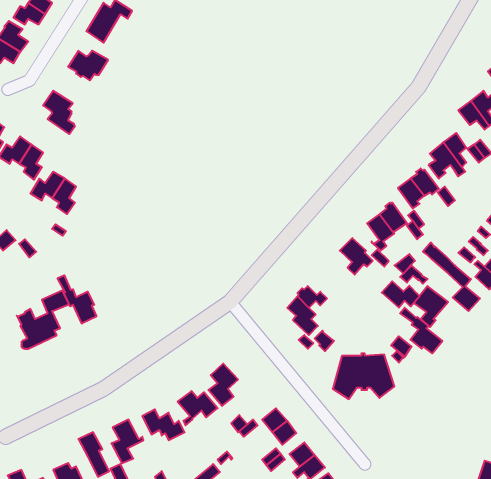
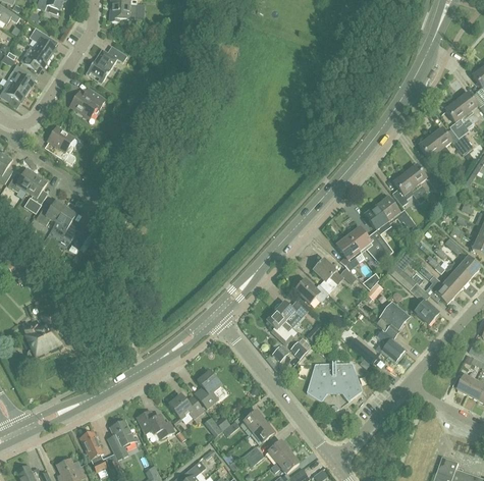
building: [58,275,96,324] -> none
building: [382,281,419,308] -> [293,279,327,303]

